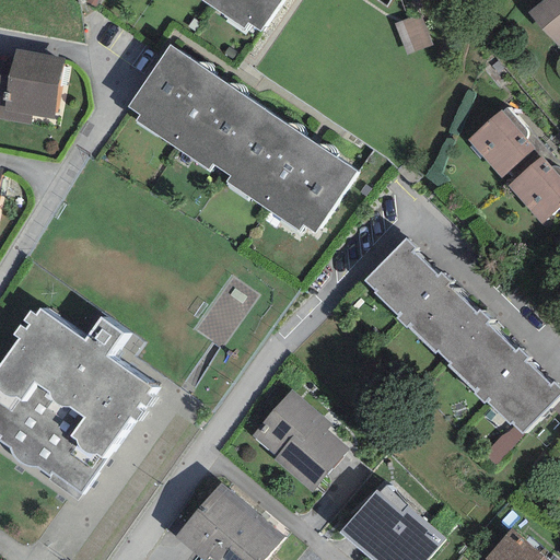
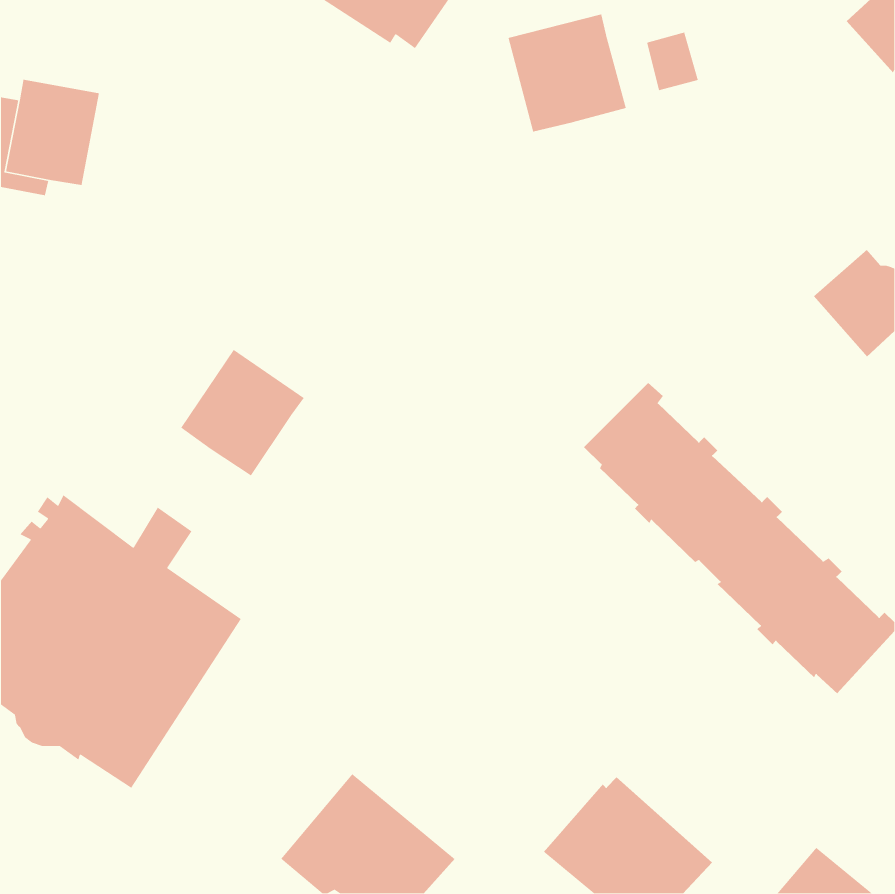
building: none -> [508,13,627,133]
building: [127,44,357,232] -> none
building: [467,107,534,177] -> none
building: none -> [180,349,305,477]
building: [250,388,349,491] -> none

